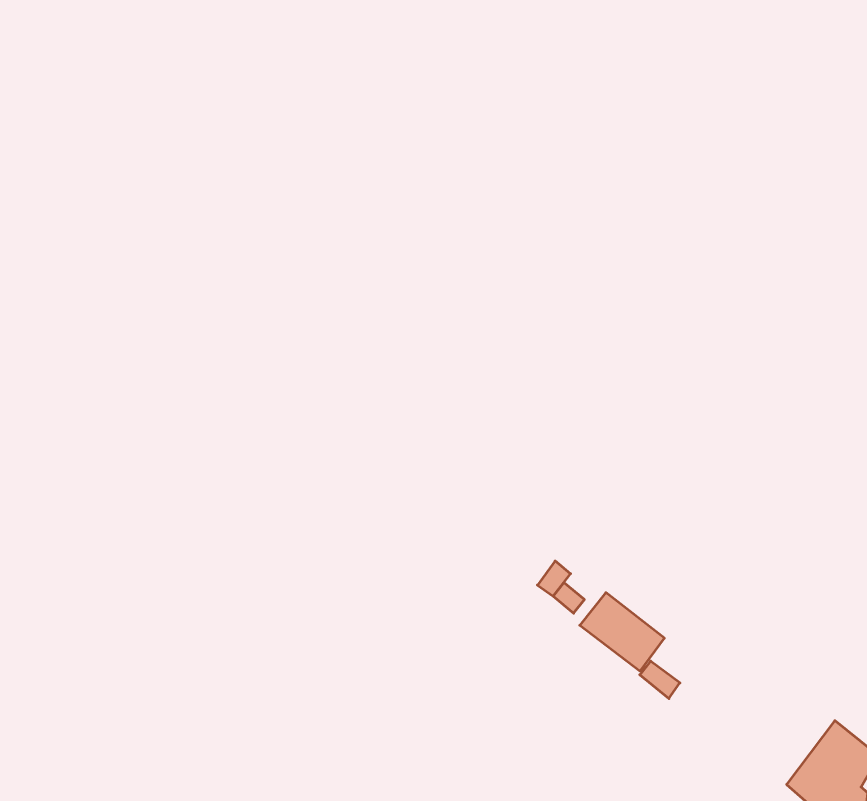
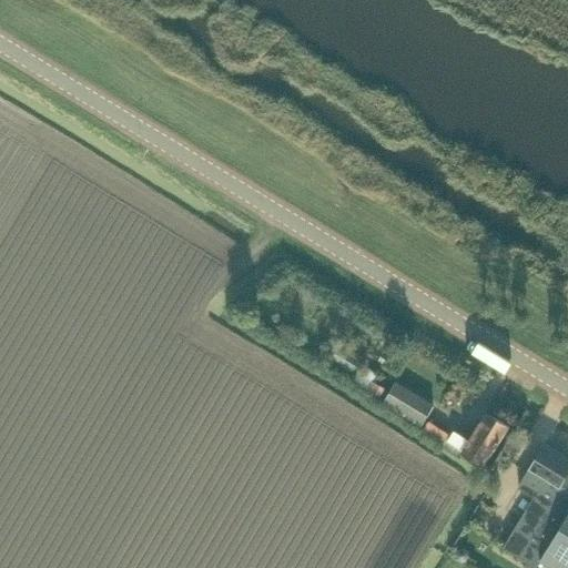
building: none -> [463,410,511,465]

